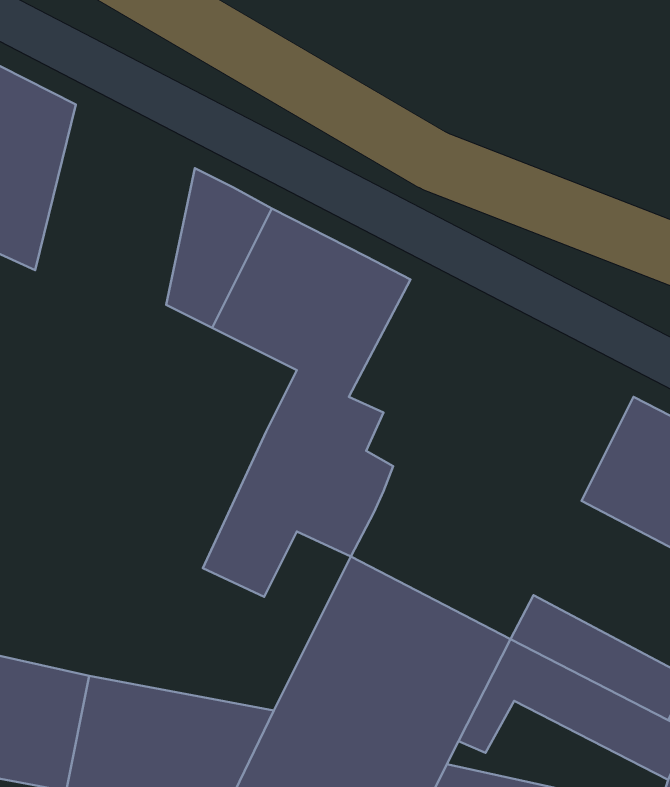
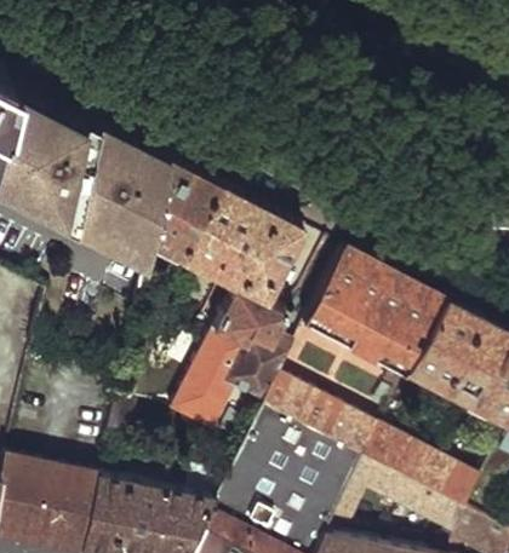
building: none -> [68,121,168,261]
building: none -> [287,250,445,415]
building: none -> [267,378,382,457]

